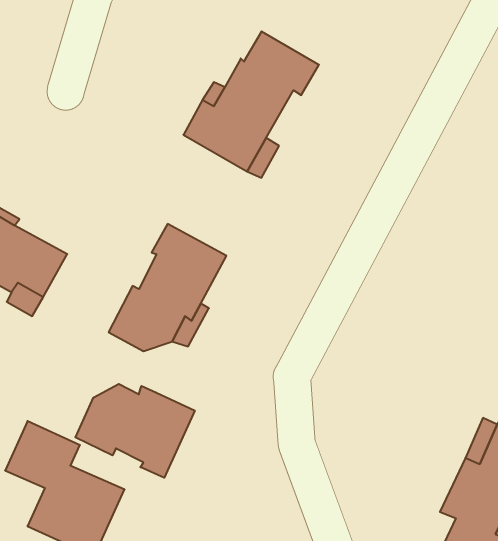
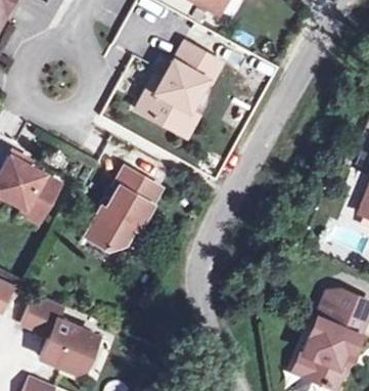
building: [75,384,195,478] -> none

